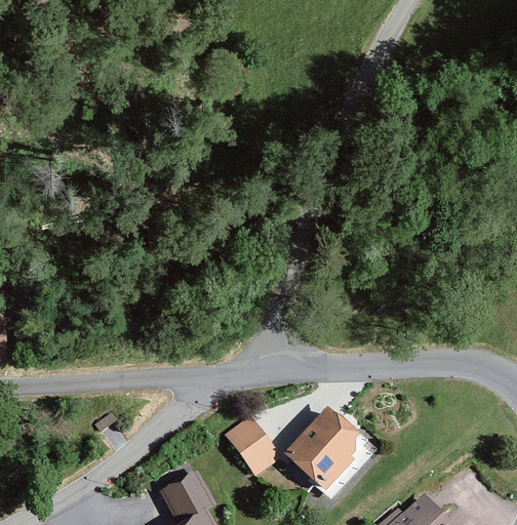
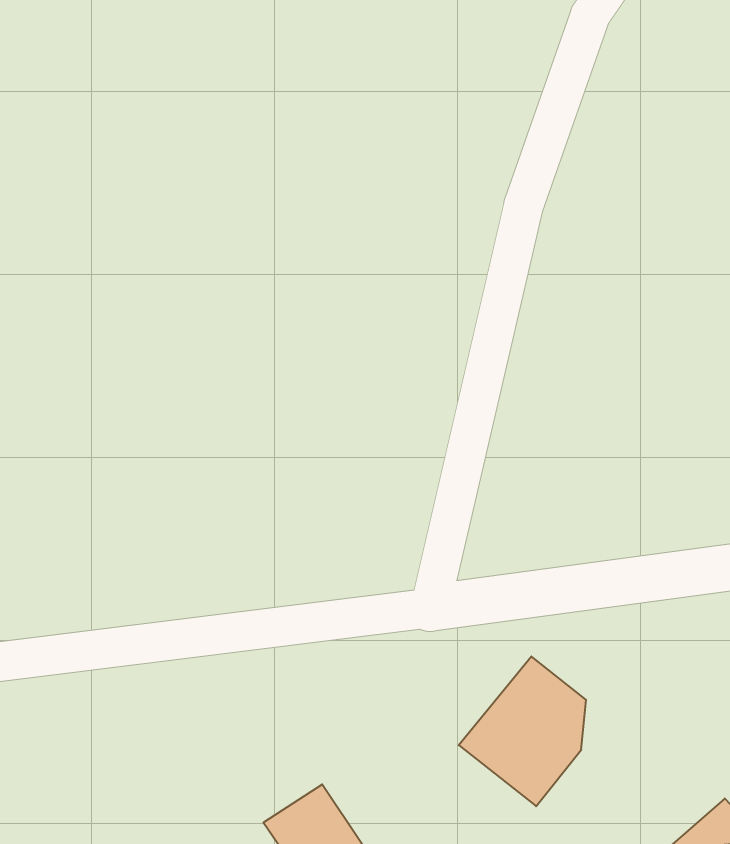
building: [223,417,281,478] -> none

